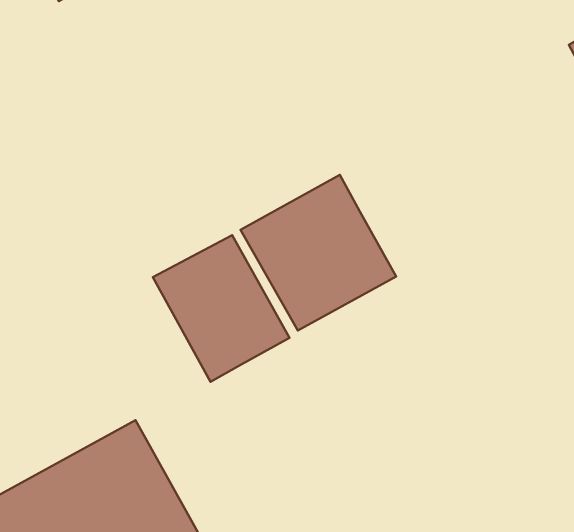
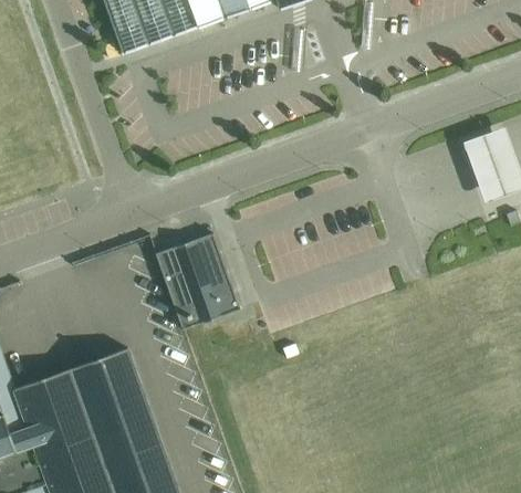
building: [241,175,396,330] -> none

